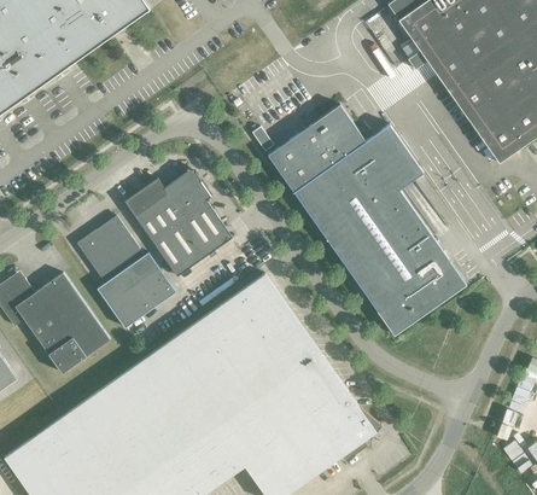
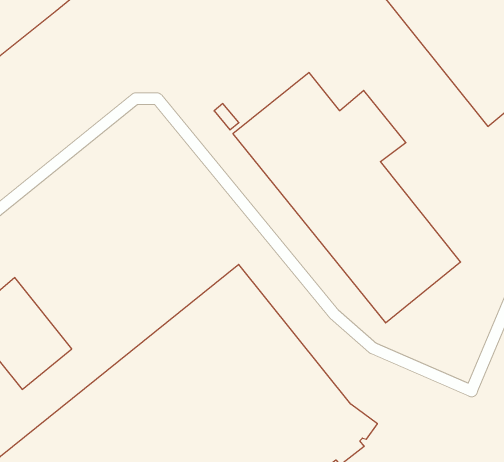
building: [124,169,232,275] -> none
building: [77,215,176,327] -> none

